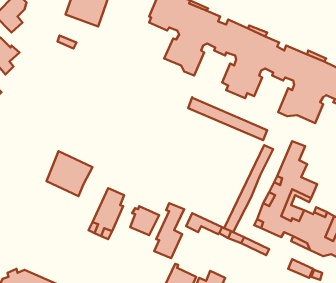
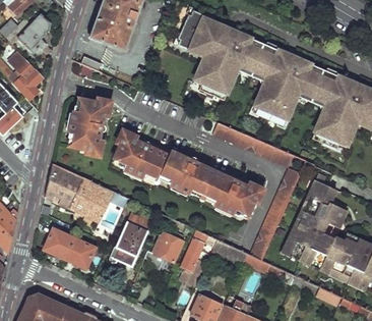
building: none -> [69,98,112,156]
building: none -> [117,128,265,218]
building: none -> [45,162,81,207]
building: none -> [44,227,96,268]

